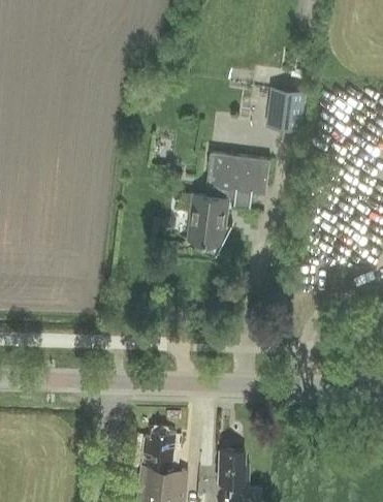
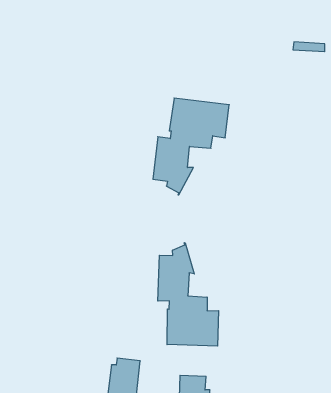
building: [265,87,305,131] -> none
building: none -> [158,243,219,346]

